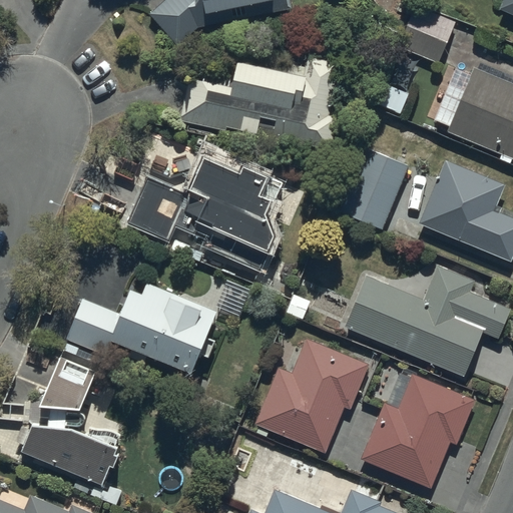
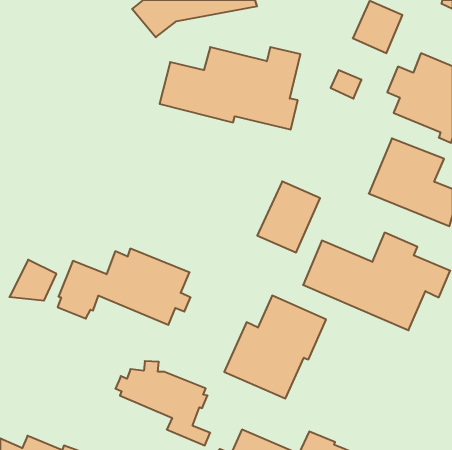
building: [338,147,409,227] -> [257,181,320,252]
building: [128,154,284,269] -> none
building: [42,355,95,401] -> [9,260,56,301]
building: [362,370,474,488] -> none
building: [17,411,124,506] -> [115,361,210,445]

